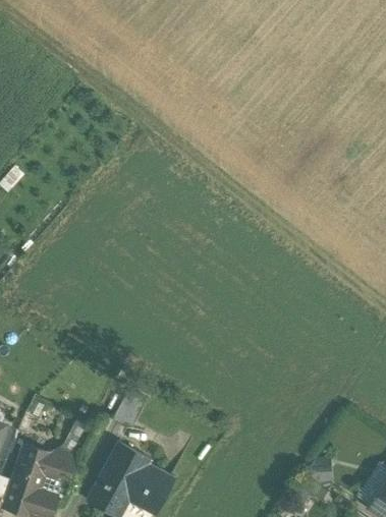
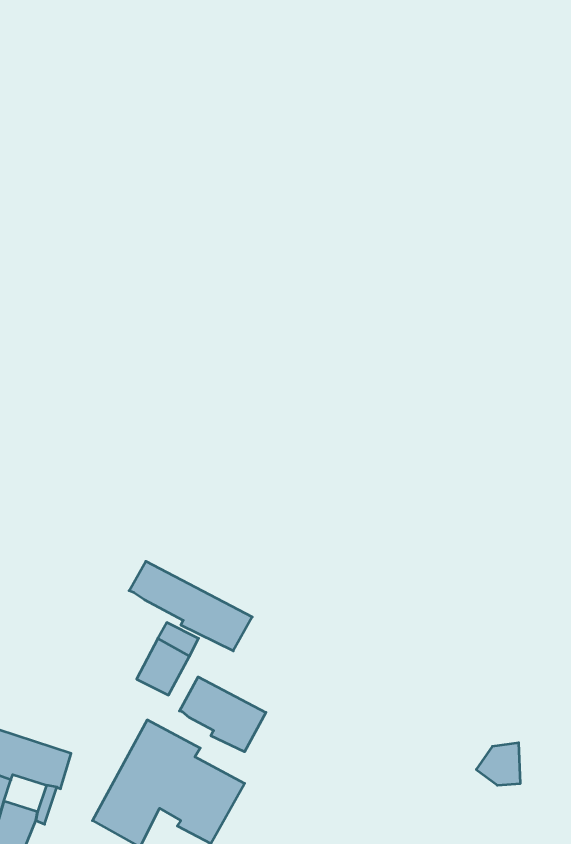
building: none -> [129,561,252,651]
building: none -> [179,677,266,752]

